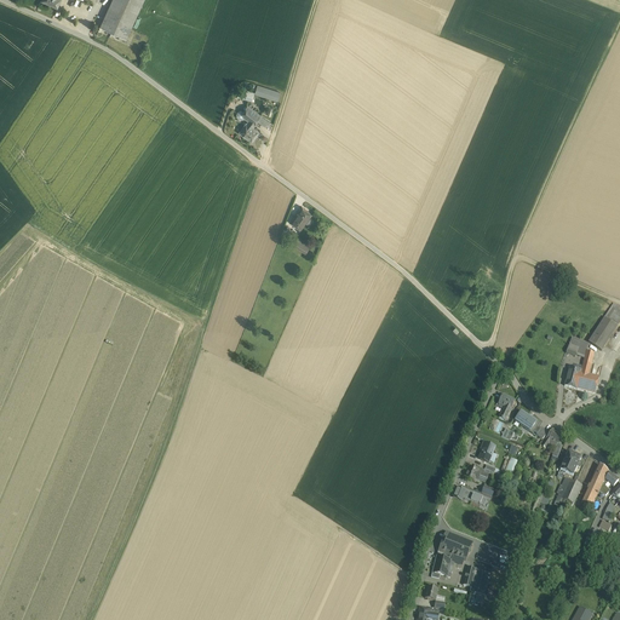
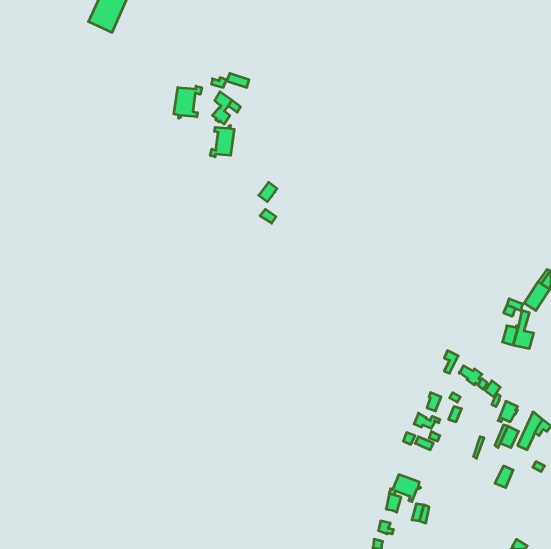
building: none -> [174,86,202,118]
building: none -> [210,125,234,157]

